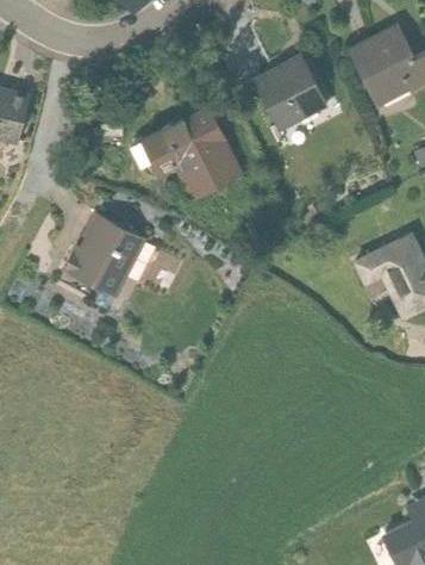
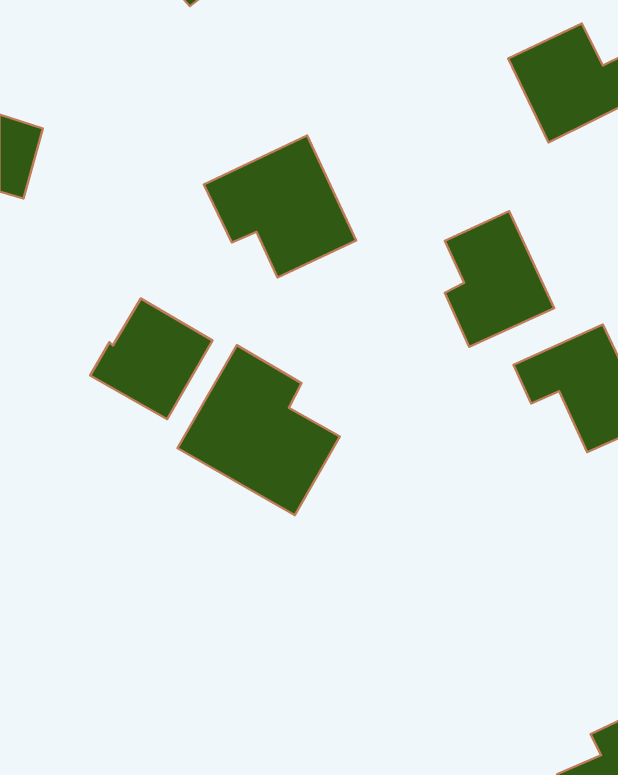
building: [251,52,327,129] -> none
building: none -> [445,211,554,347]
building: none -> [177,345,340,515]

